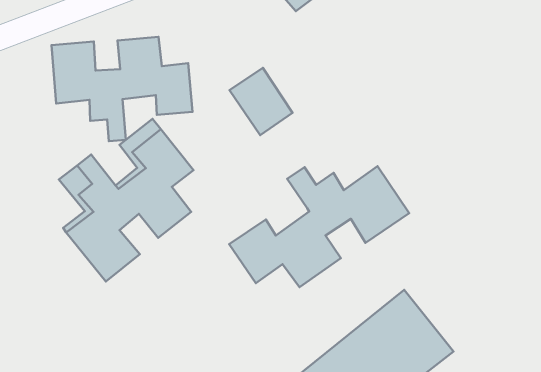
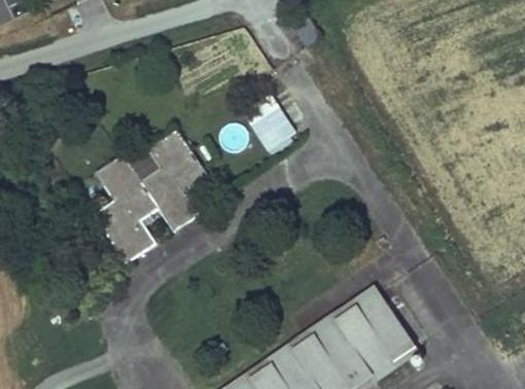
building: [51,37,192,141] -> none
building: [229,166,409,287] -> none

